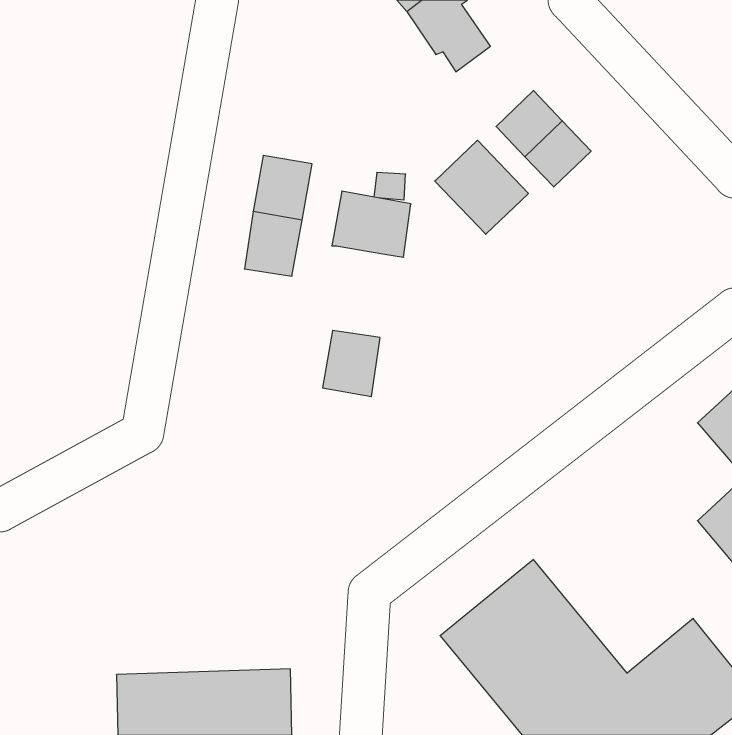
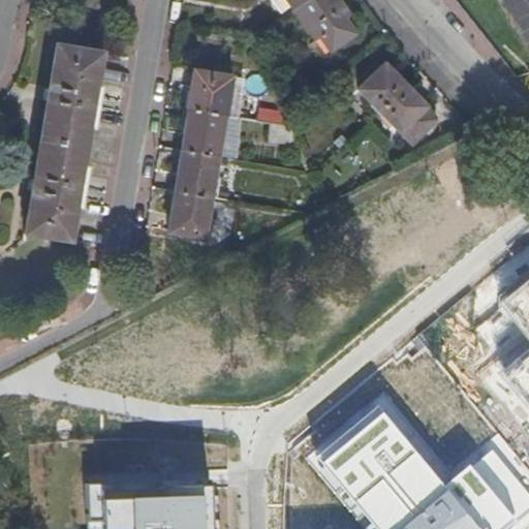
building: none -> [26,46,103,242]
building: [435,140,528,234] -> none
building: [332,191,411,257] -> [188,72,245,120]
building: [323,330,380,397] -> [170,193,212,241]

